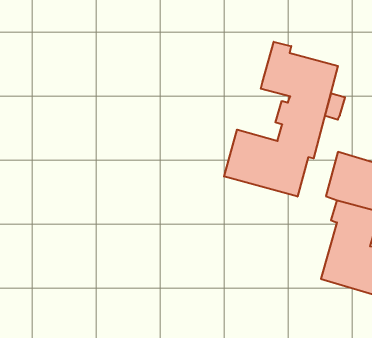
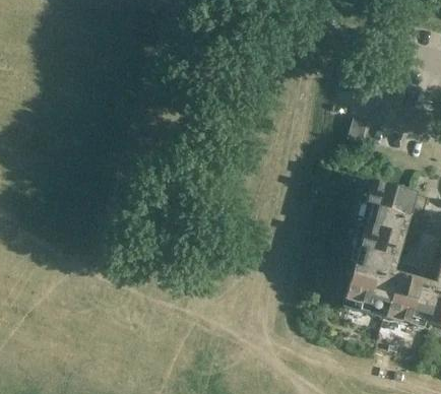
building: [224,42,338,197] -> none

